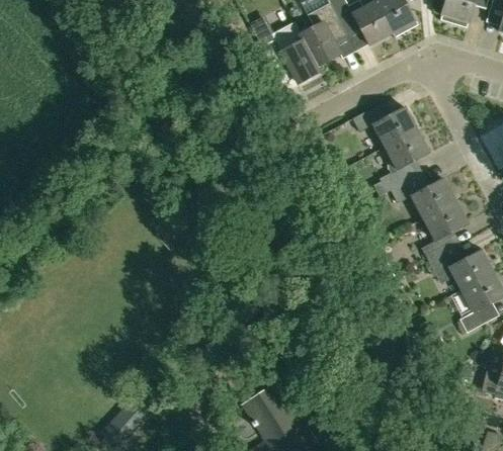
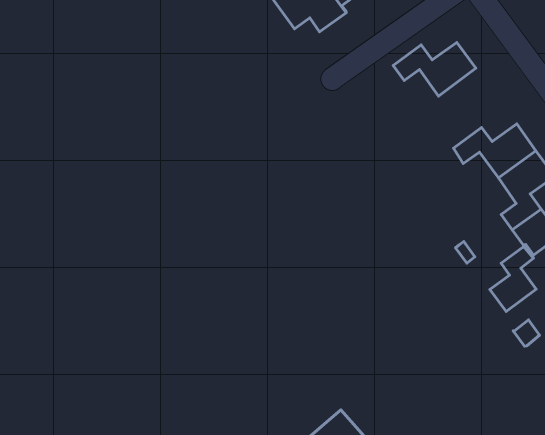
building: [372,128,429,195] -> none
building: none -> [490,247,536,311]

